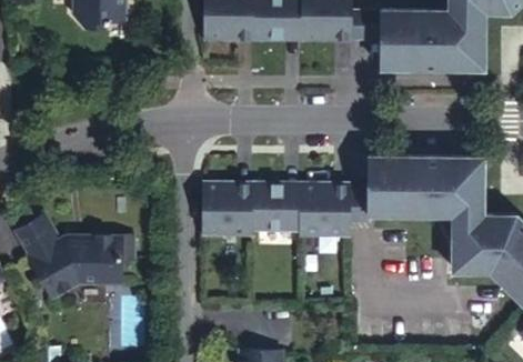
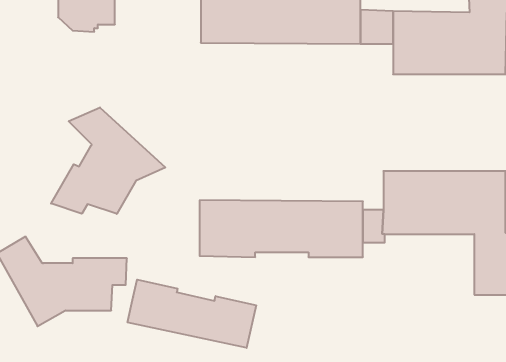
building: none -> [51,107,165,214]
building: none -> [128,280,256,348]

